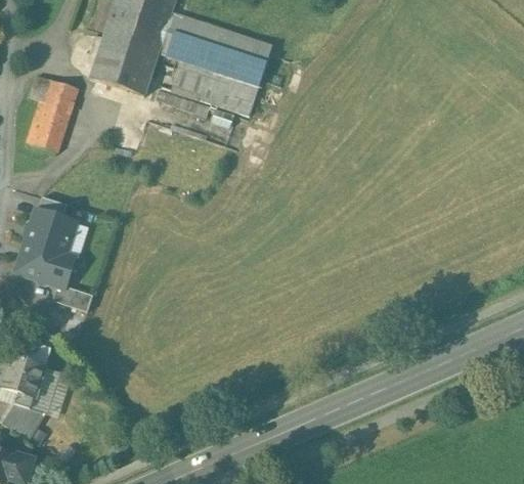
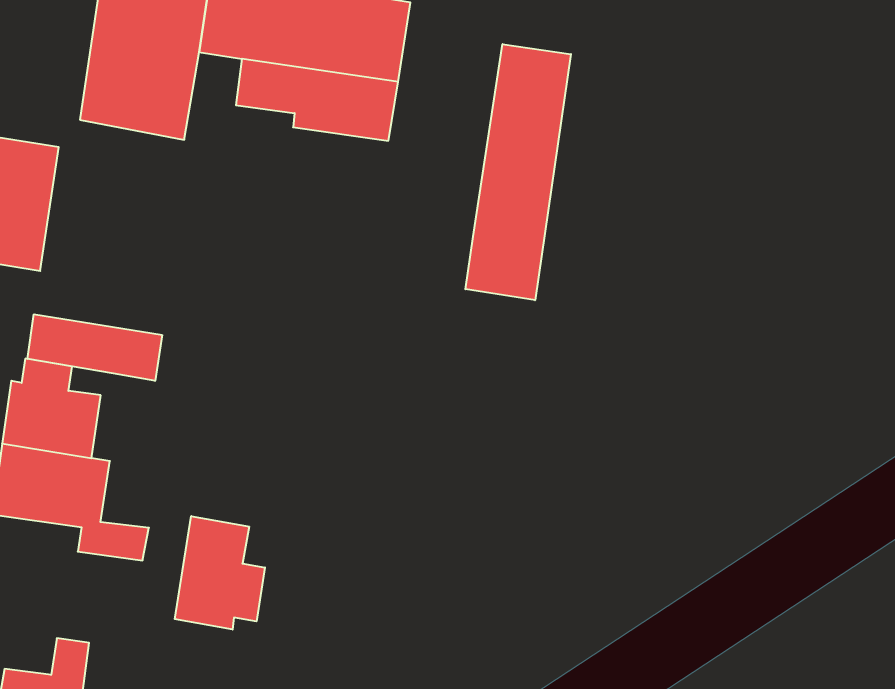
building: none -> [465,44,571,300]
building: none -> [28,314,162,381]
building: none -> [175,516,265,630]

